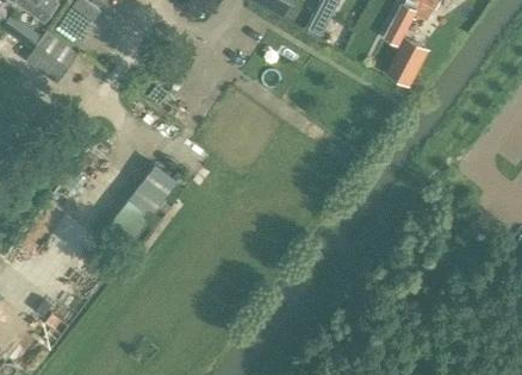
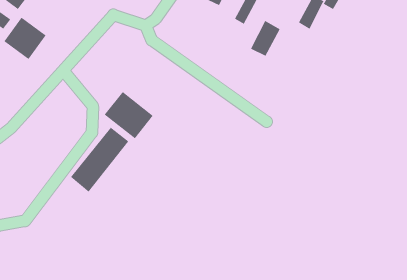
building: [389,39,425,83] -> [250,20,281,57]
building: none -> [104,91,154,139]

